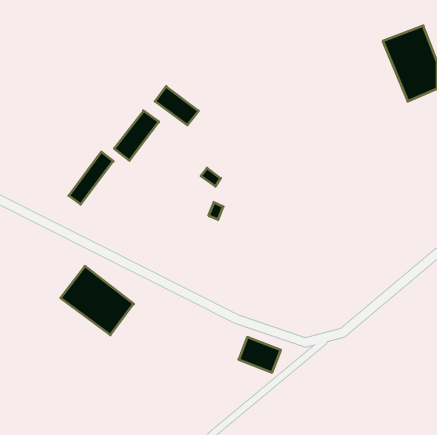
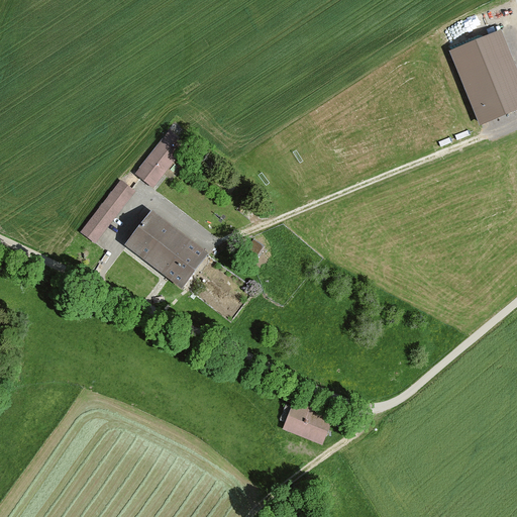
building: [155,86,198,125] -> none
building: [61,266,134,335] -> [123,211,209,292]

